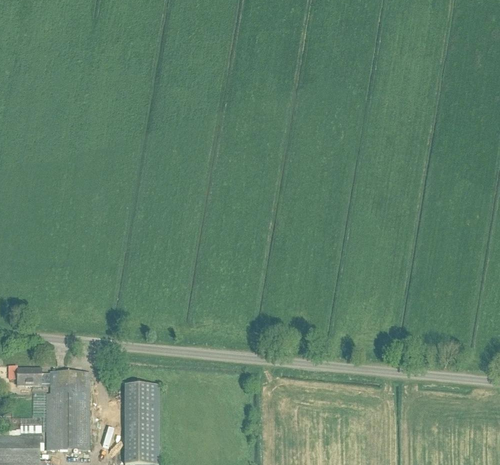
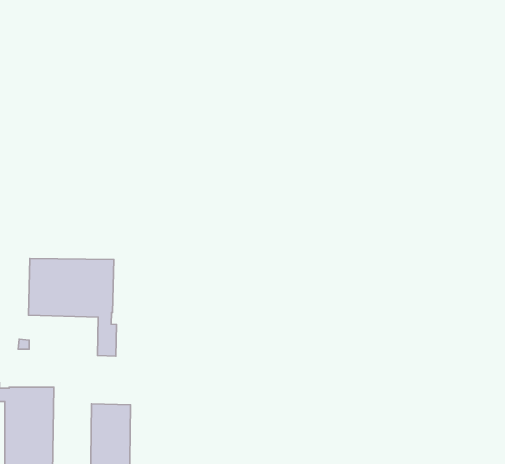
building: none -> [29,259,117,356]

